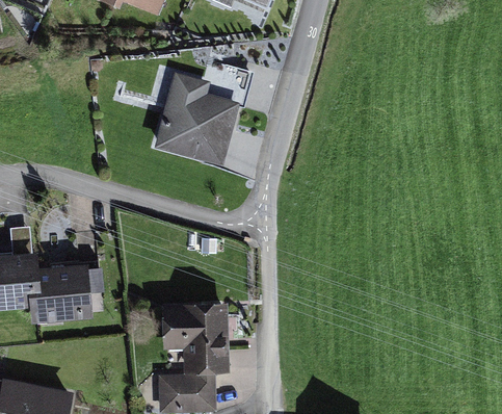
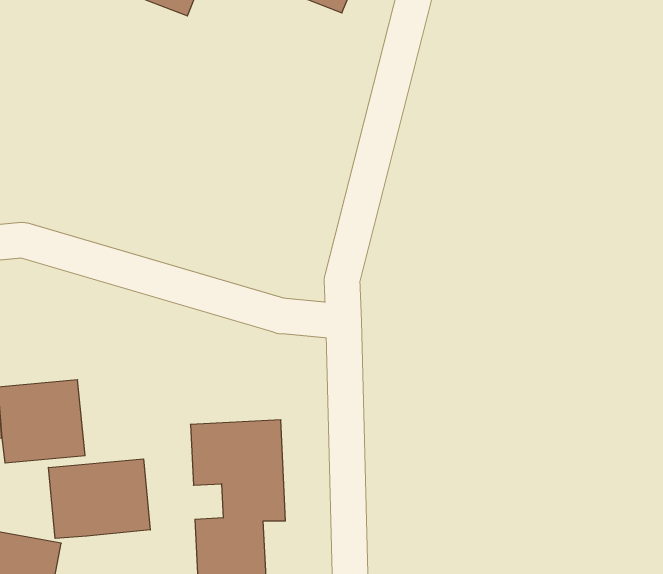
building: [153,78,237,173] -> none
building: none -> [48,459,150,538]

